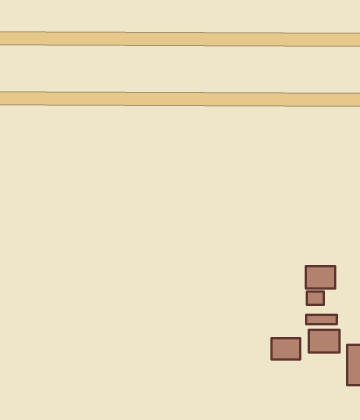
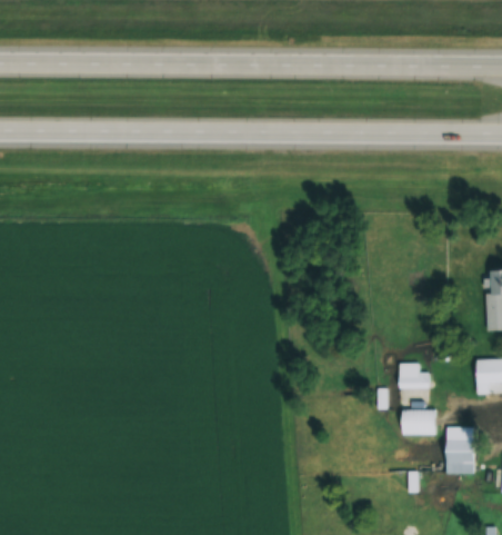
building: [306,266,335,289] -> none
building: [271,338,300,359] -> none

